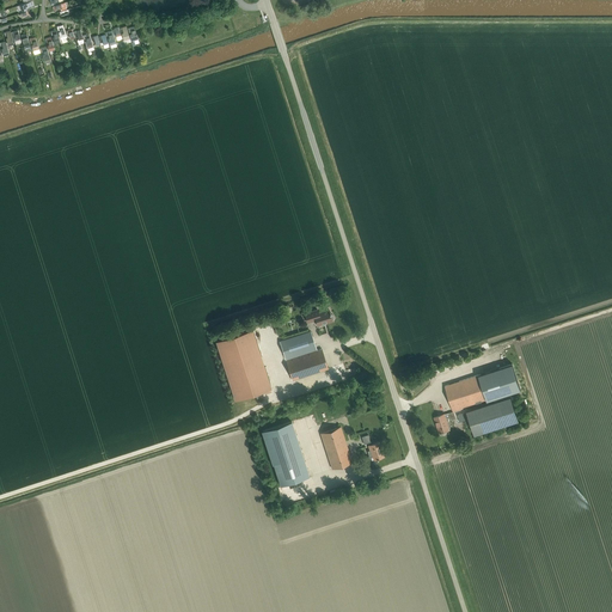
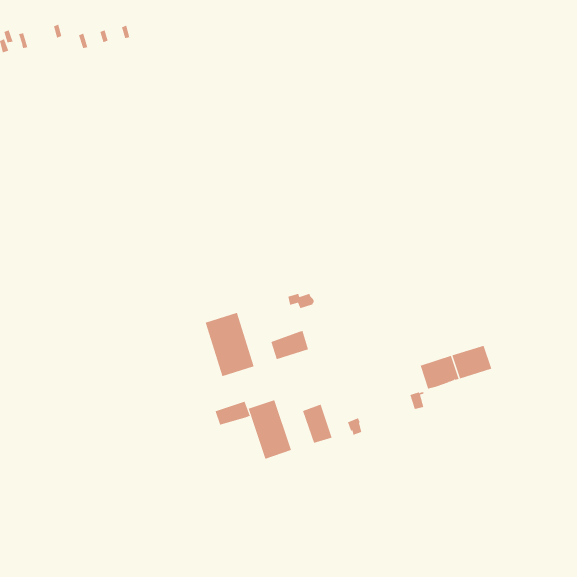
building: [280,332,316,362] -> none
building: [465,397,518,435] -> none
building: none -> [215,401,250,426]

